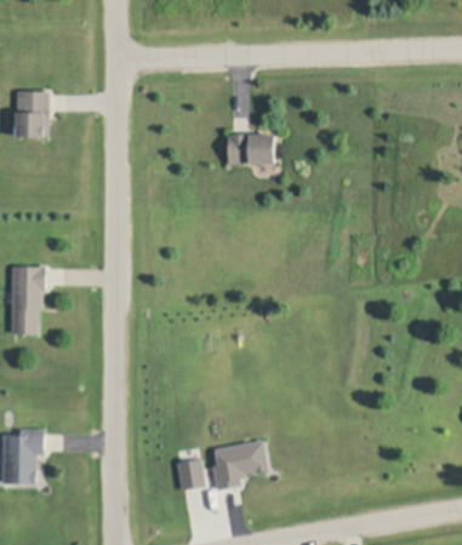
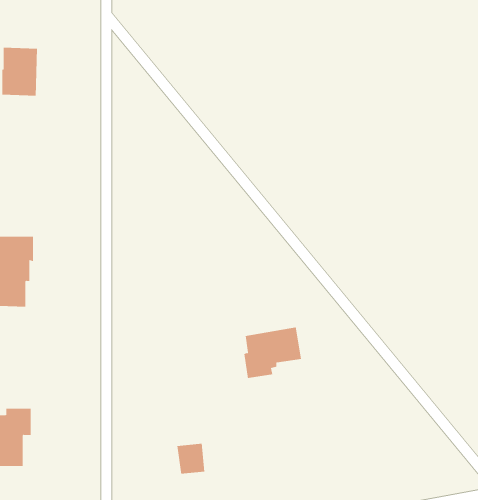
building: [227,132,274,163] -> none
building: [212,439,267,488] -> [243,327,302,379]

